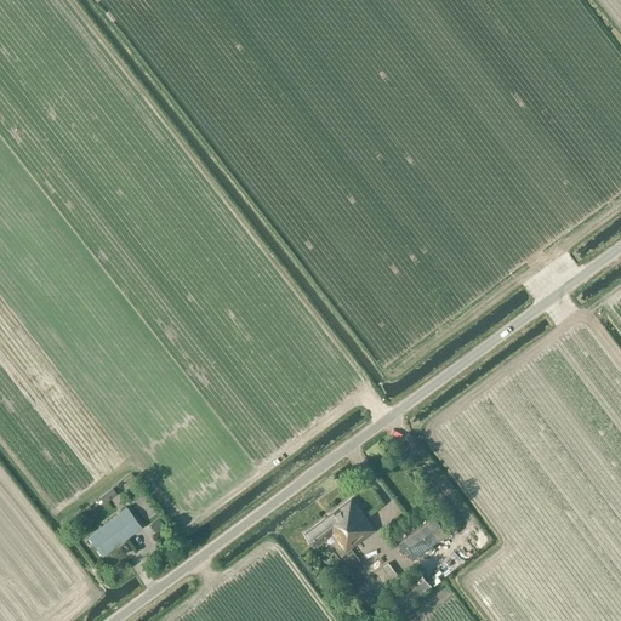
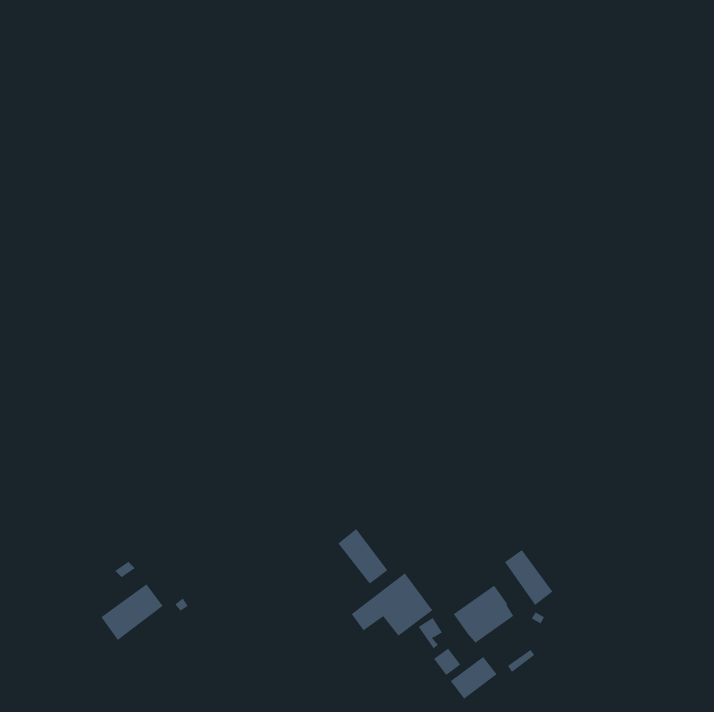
building: none -> [338,528,388,584]
building: none -> [504,549,553,606]

